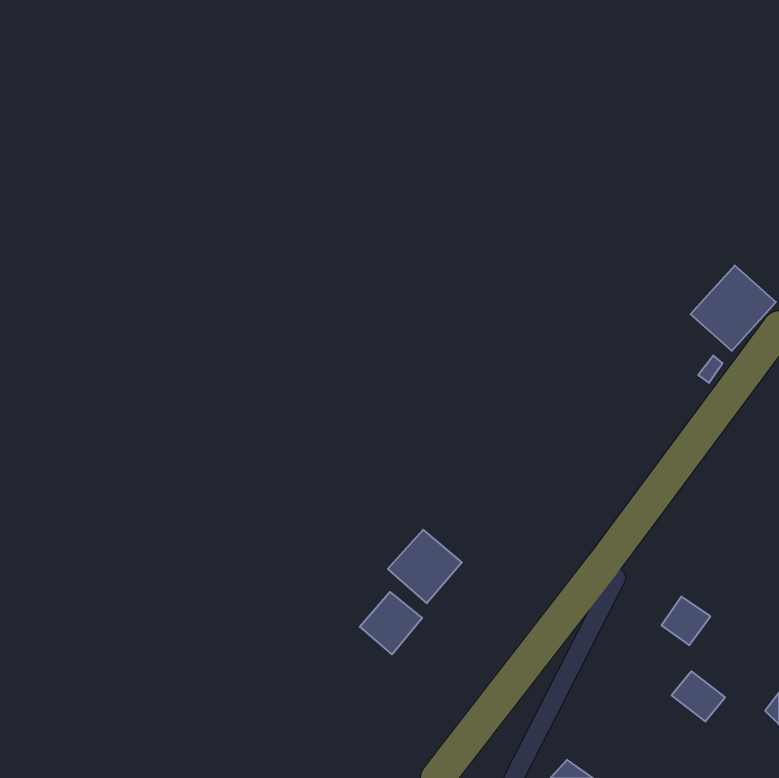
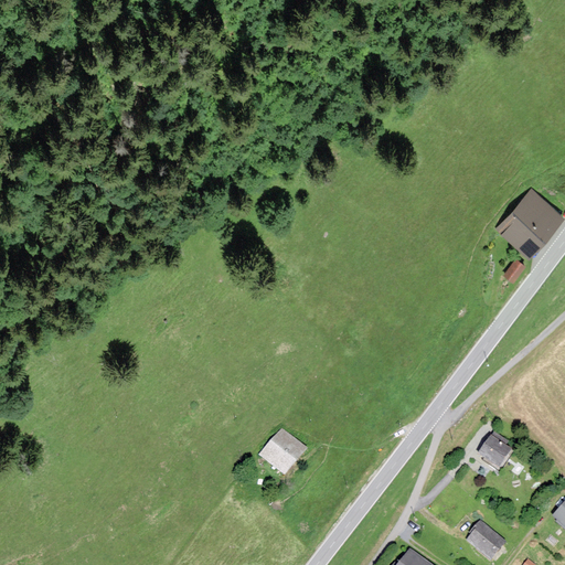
building: [388,530,462,603] -> none
building: [672,671,725,722] -> [467,522,505,558]

